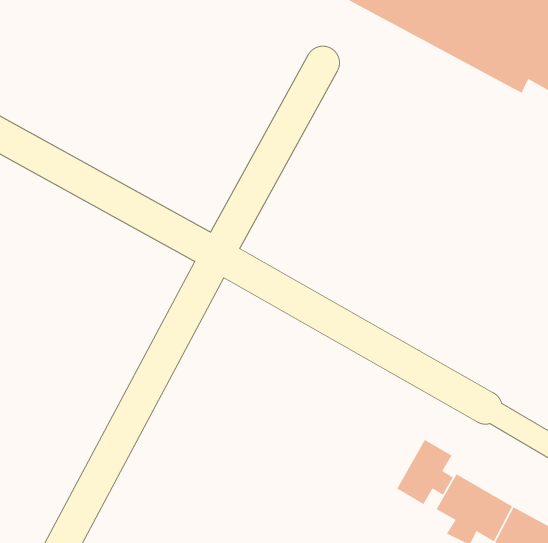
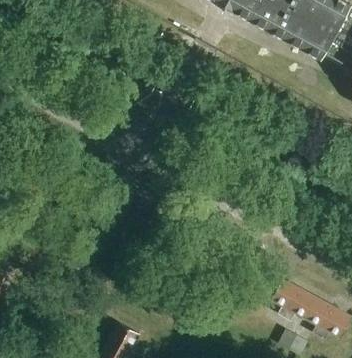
building: [396,439,454,505] -> none

